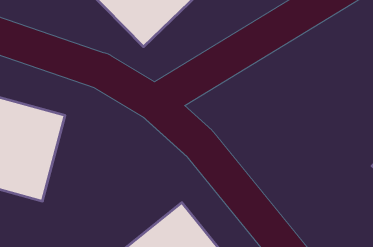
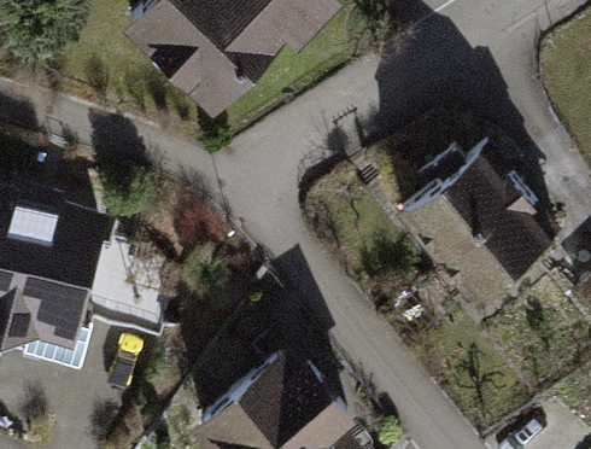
building: none -> [397,140,561,307]

